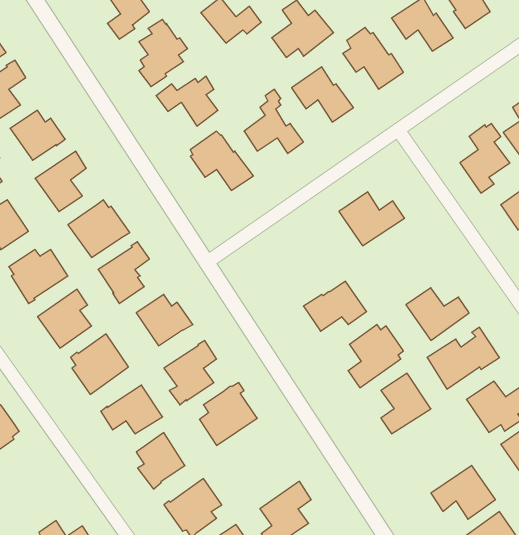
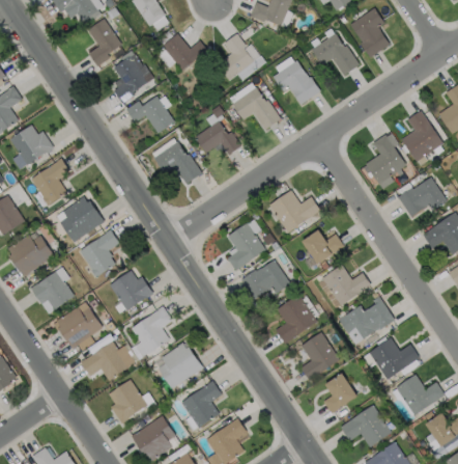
building: none -> [228,218,267,269]
building: none -> [304,227,345,262]
building: none -> [325,371,360,411]
building: none -> [182,379,223,427]

